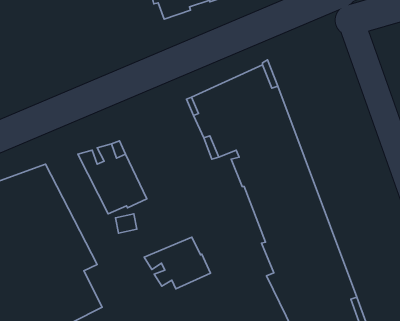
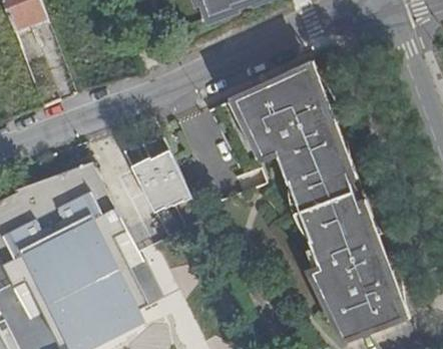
building: [144,237,211,289] -> none

